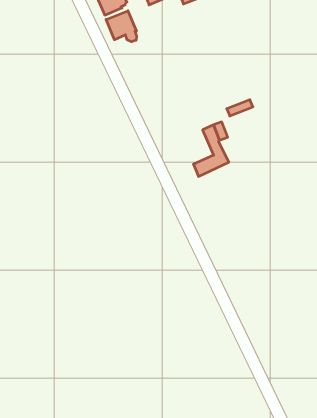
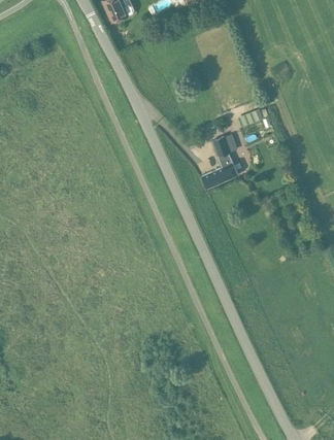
building: [106,11,137,42] -> none

